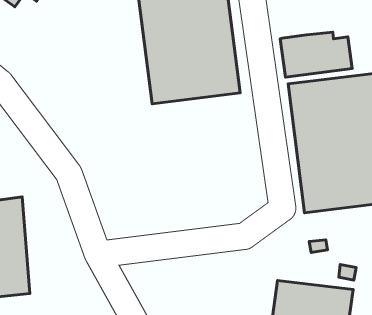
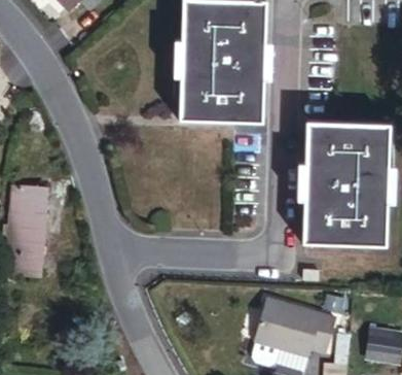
building: [280,32,352,77] -> none

